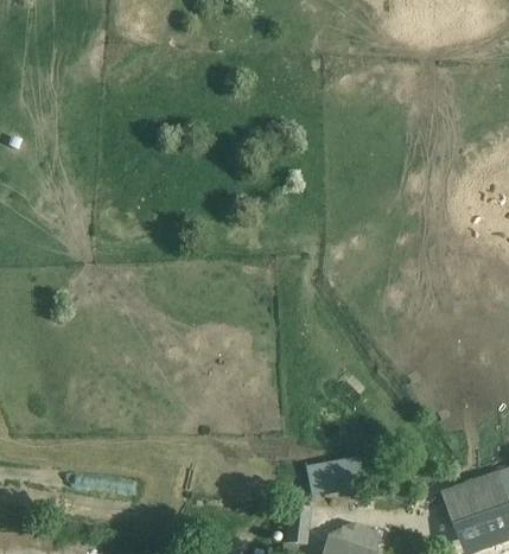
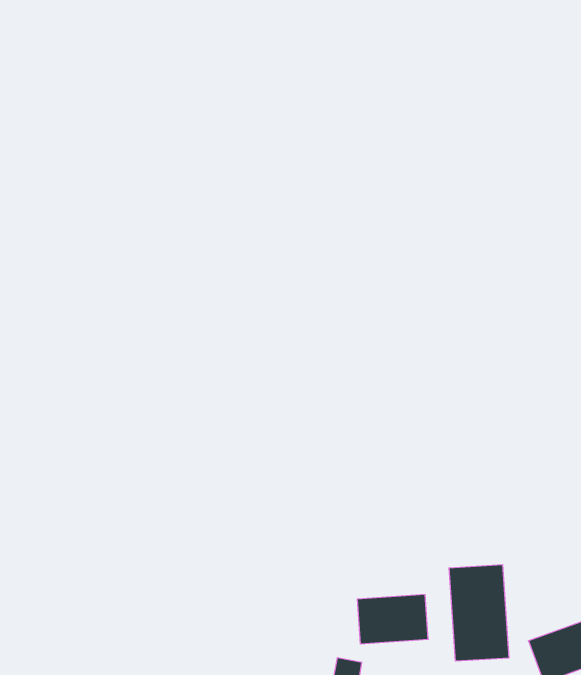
building: none -> [449,565,509,661]

